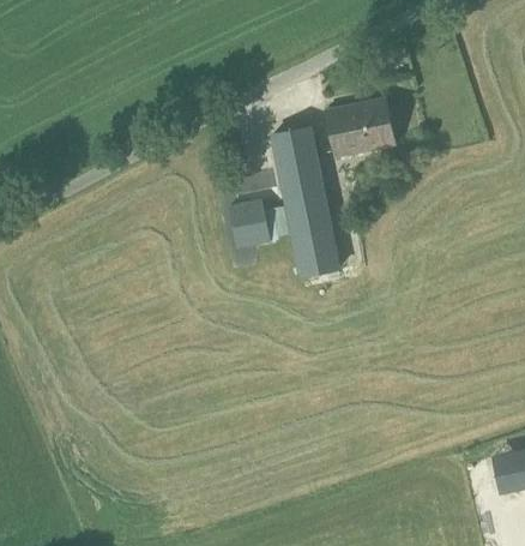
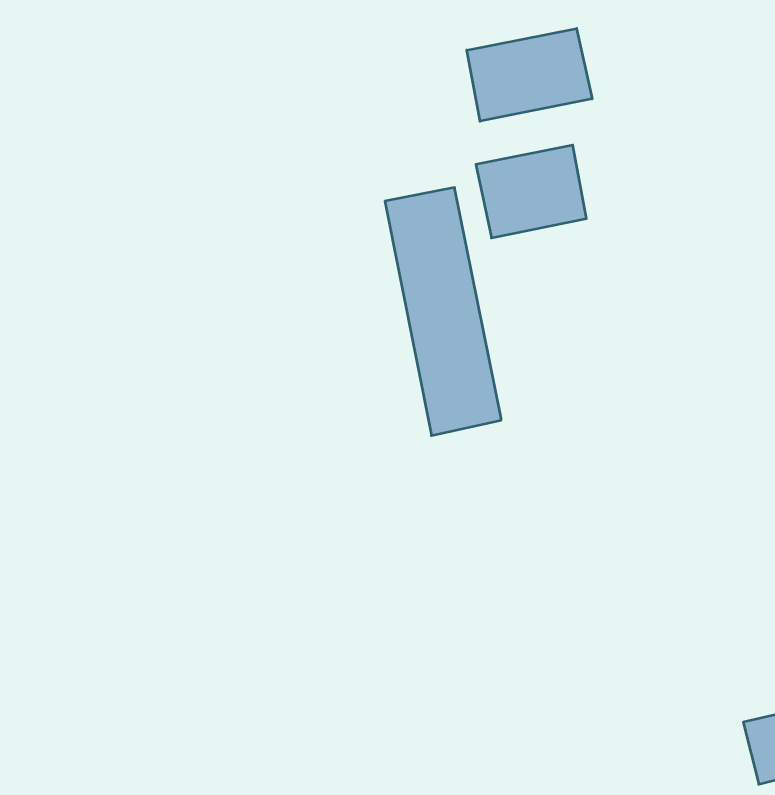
building: none -> [467,28,592,121]
building: [228,198,271,248] -> none

